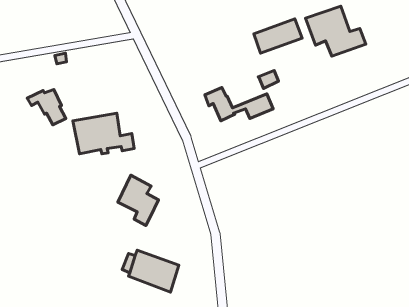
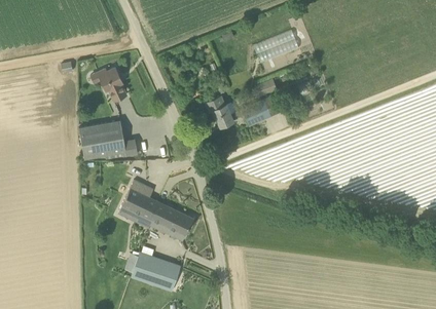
building: [305,6,366,56] -> none
building: [27,89,66,125] -> [89,68,126,102]
building: none -> [152,203,193,241]

